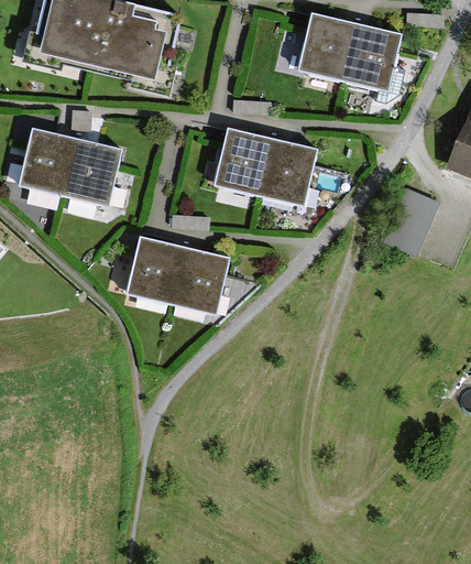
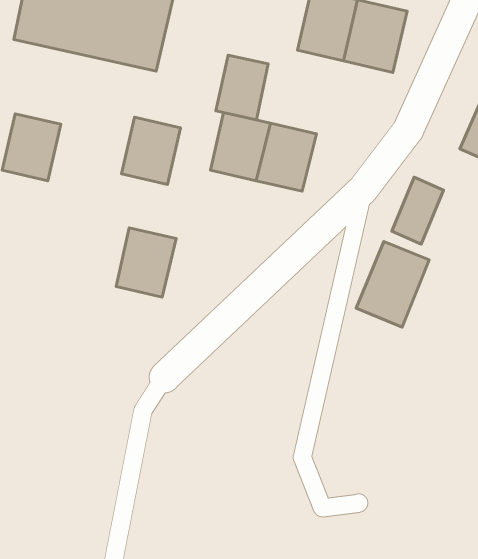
building: none -> [216,55,268,120]
building: [64,139,119,202] -> [122,117,180,184]
building: [171,246,228,311] -> none
building: none -> [356,241,429,327]

